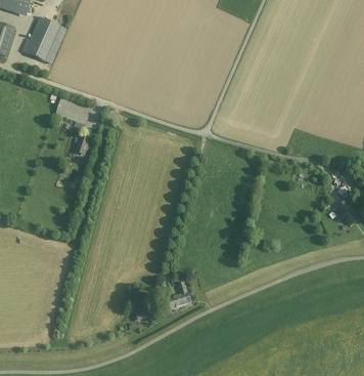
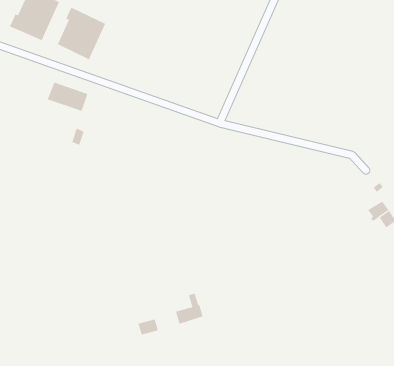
building: none -> [57,7,106,60]

